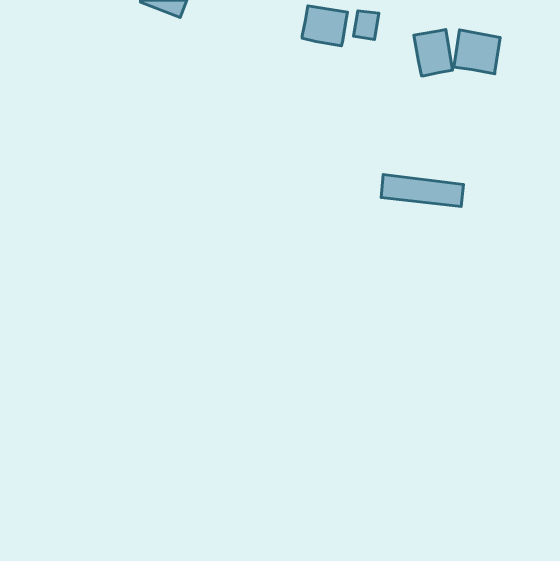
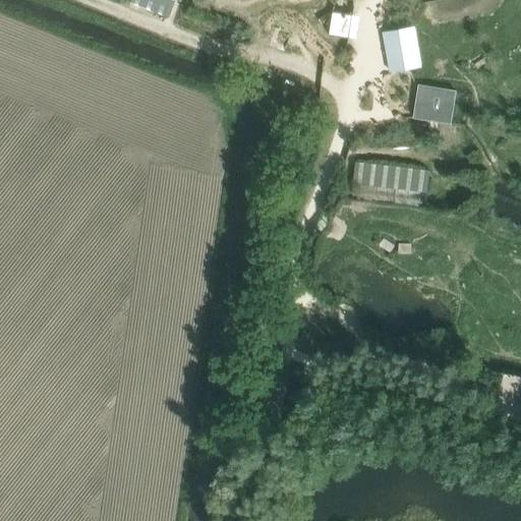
building: [302,6,347,46] -> none
building: [454,30,500,74] -> [413,83,456,124]

